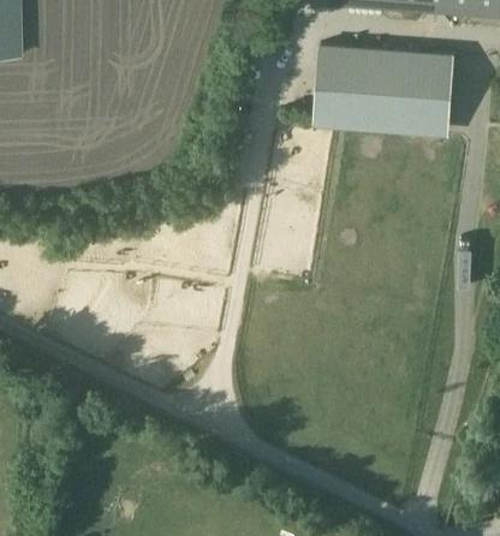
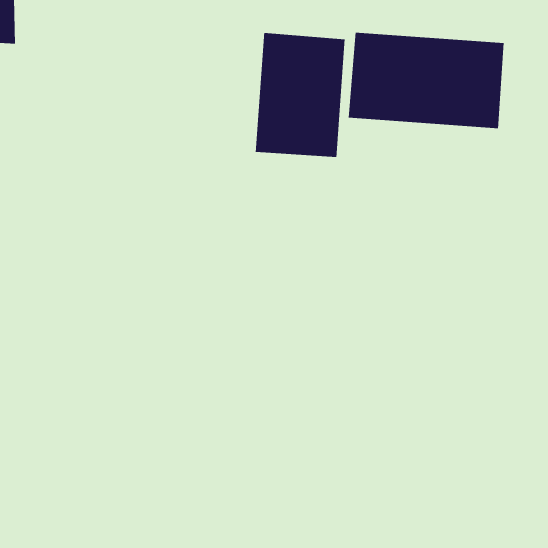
building: none -> [255,32,345,158]

